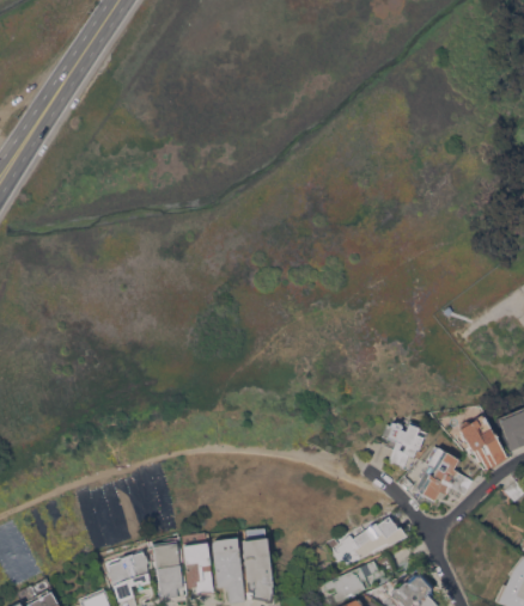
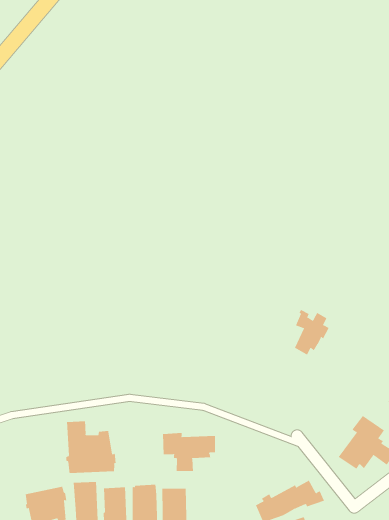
building: [389,423,424,469] -> [294,309,330,355]
building: none -> [66,420,116,474]
building: none -> [162,432,216,472]

